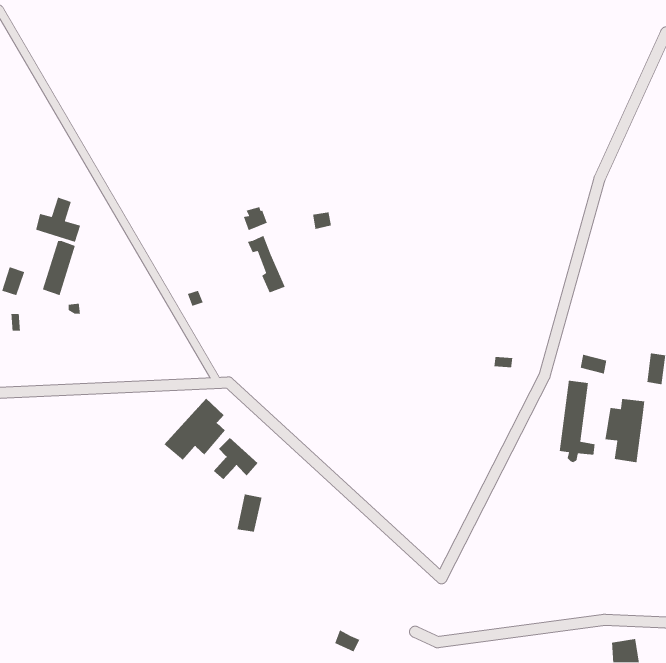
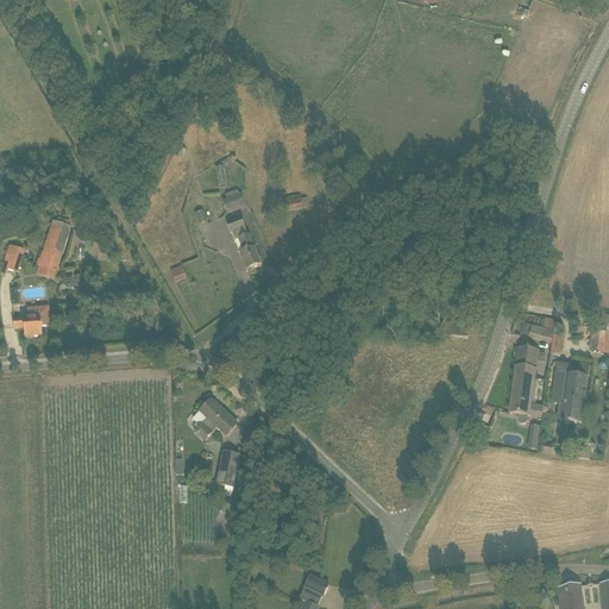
building: [35,197,81,243] -> none
building: none -> [12,306,50,335]
building: [164,398,226,461] -> none

